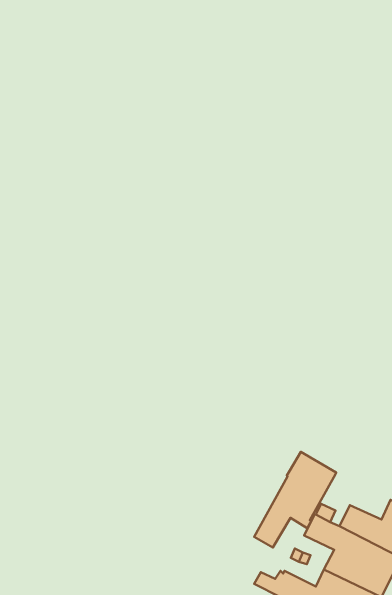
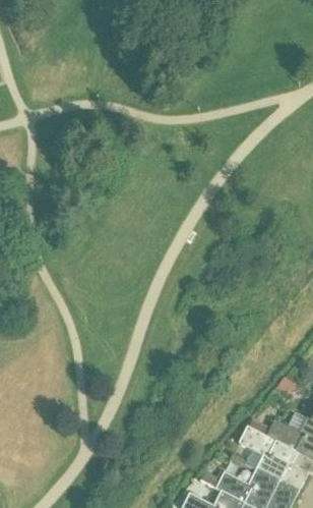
building: [254,452,336,547] -> none

